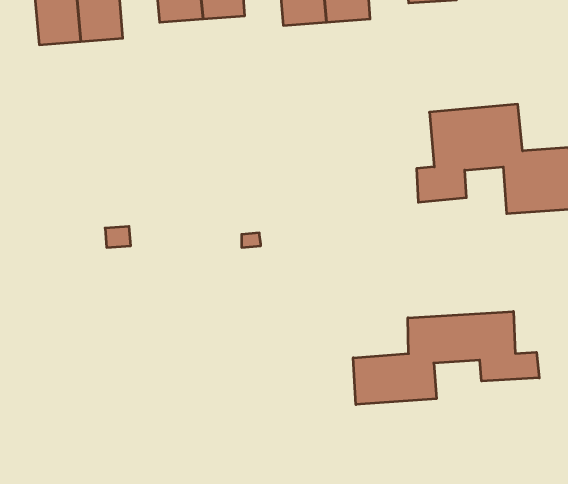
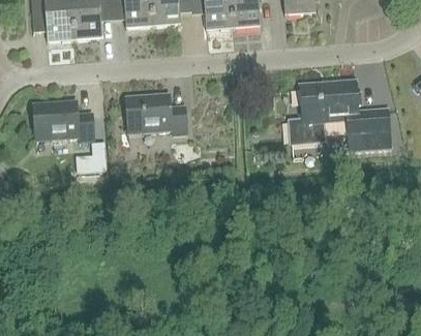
building: none -> [125,95,187,132]
building: none -> [33,101,95,140]
building: [353,311,539,405] -> none

